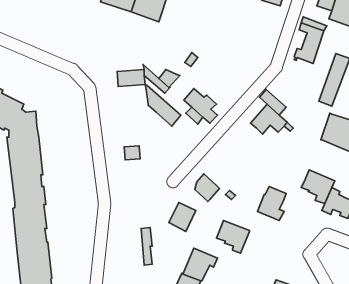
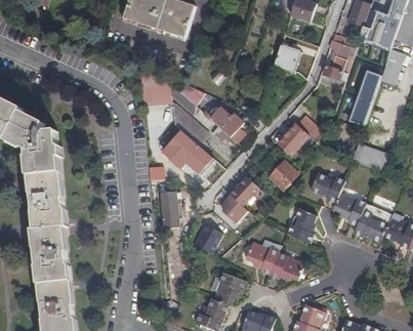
building: none -> [274,42,298,71]
building: none -> [163,131,212,172]
building: none -> [269,161,298,190]
building: none -> [308,171,344,203]
building: none -> [231,176,260,207]
building: none -> [160,191,182,225]
building: none -> [267,254,303,282]

